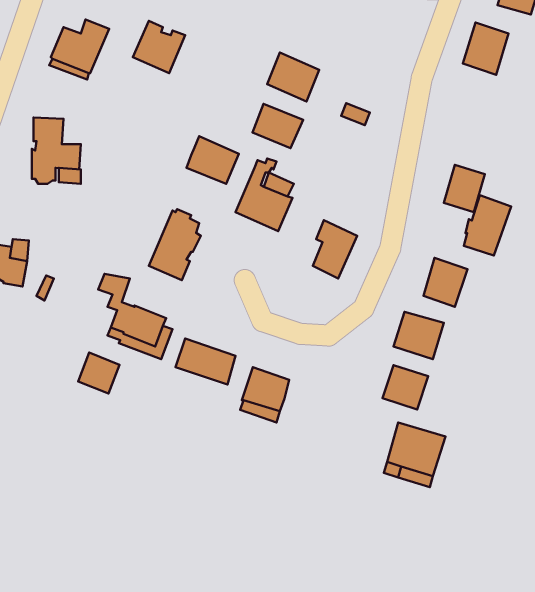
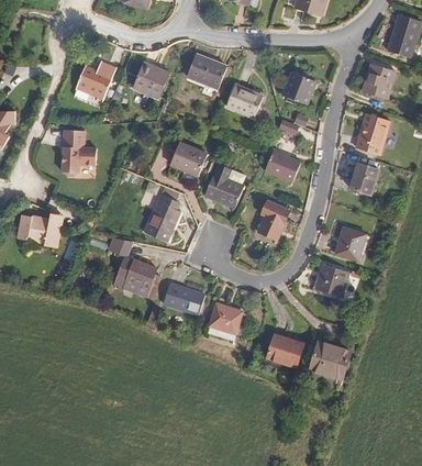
building: none -> [187,54,226,88]
building: none -> [282,71,315,104]
building: [253,104,303,148] -> [265,151,300,181]
building: [464,195,511,255] -> [357,113,390,155]
building: [78,353,119,393] -> none
building: [382,365,428,409] -> [267,334,299,365]

